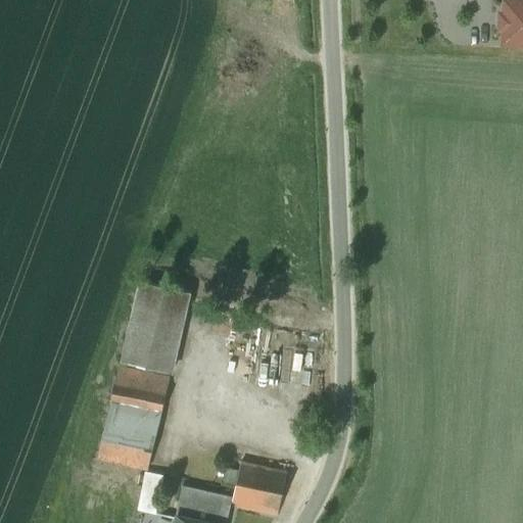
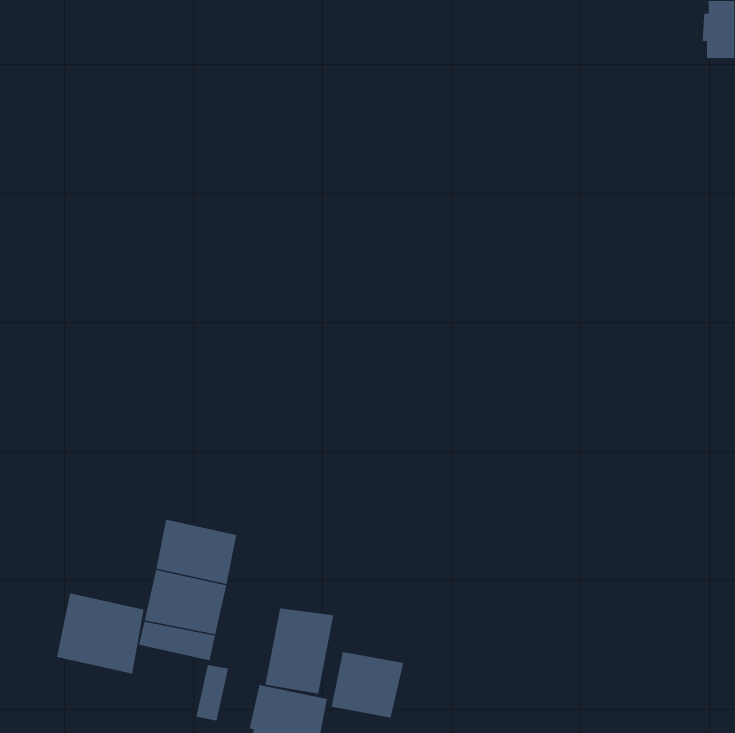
building: [123,283,188,373] -> none
building: none -> [56,593,145,675]
building: none -> [265,607,334,695]

